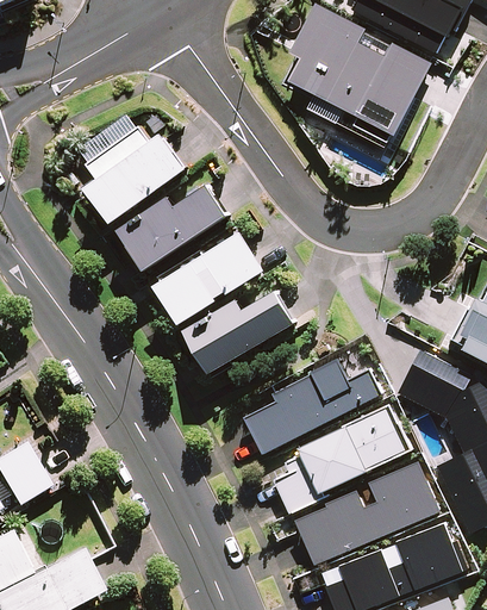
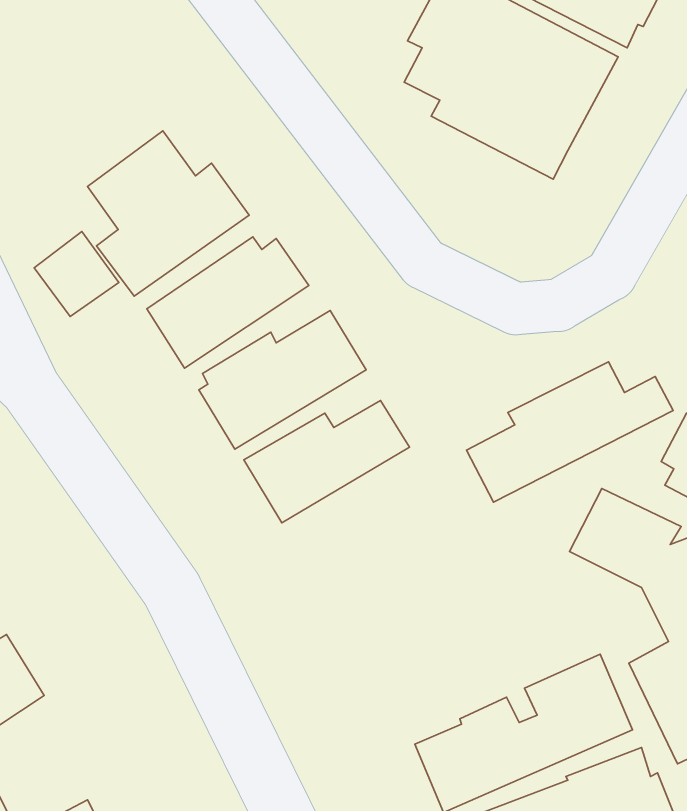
building: none -> [34,232,119,316]
building: [245,360,382,453] -> [466,362,673,502]
building: [274,406,408,512] -> none

